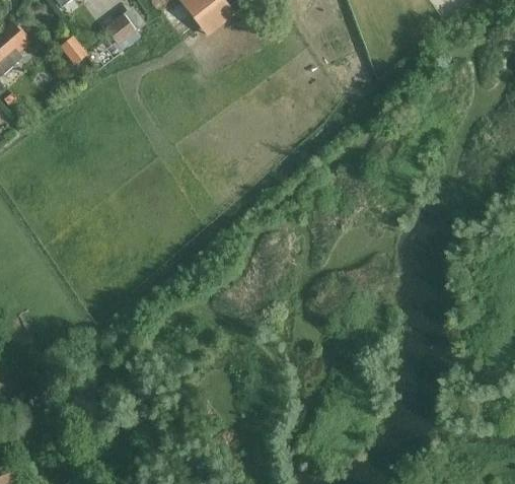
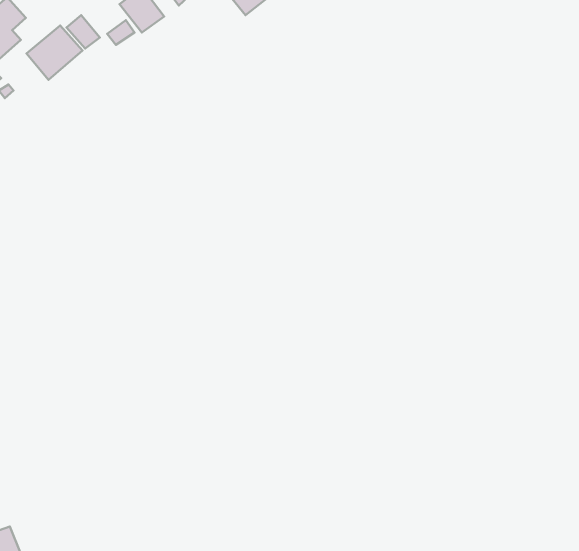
building: none -> [27,26,82,80]

